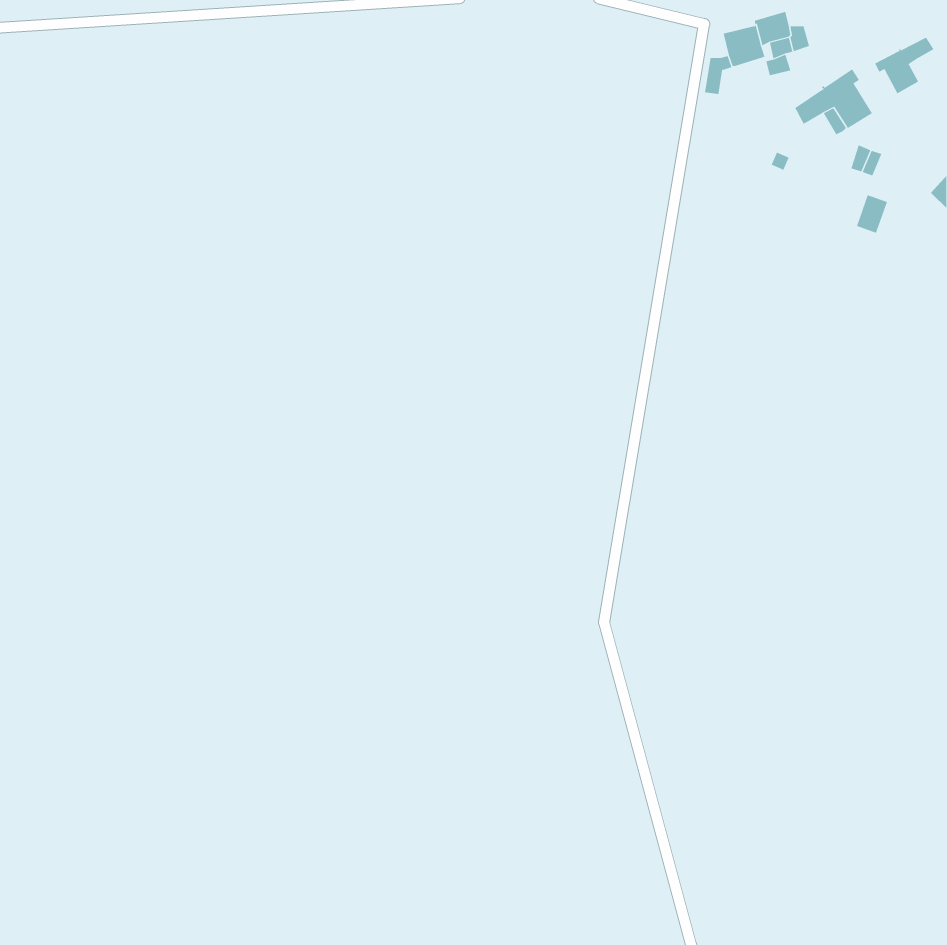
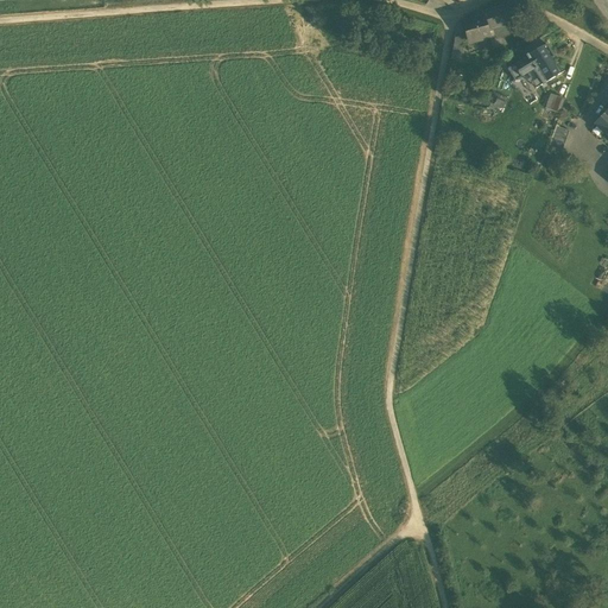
building: [874,35,935,94] -> none

